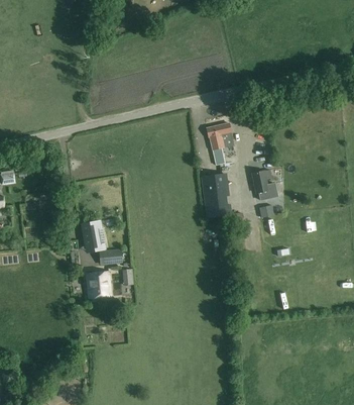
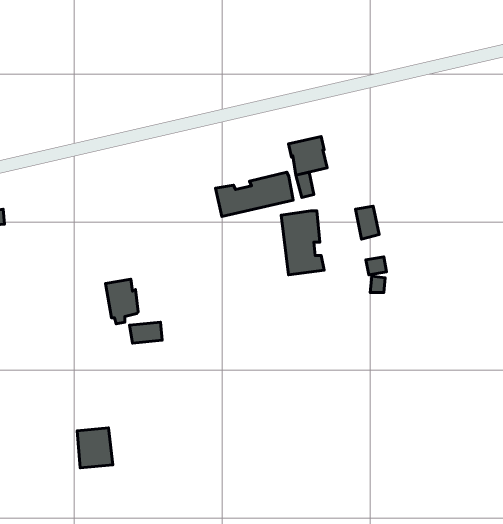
building: none -> [215,172,293,217]
building: [87,271,111,298] -> [77,428,113,468]

